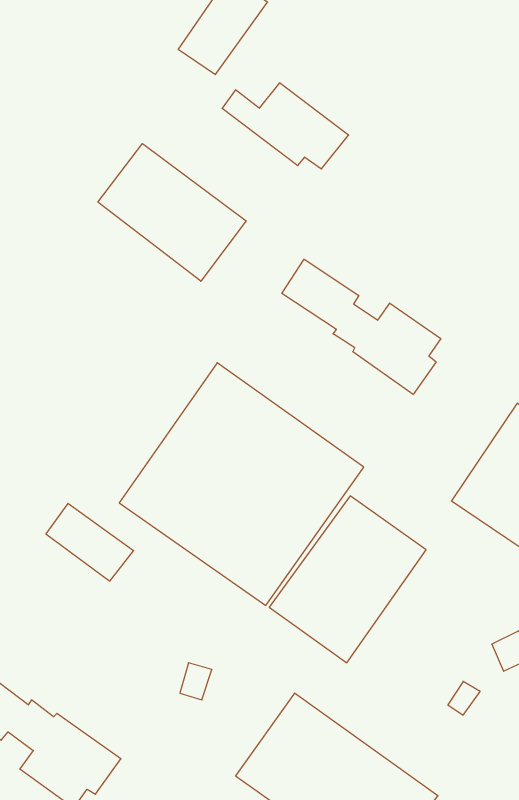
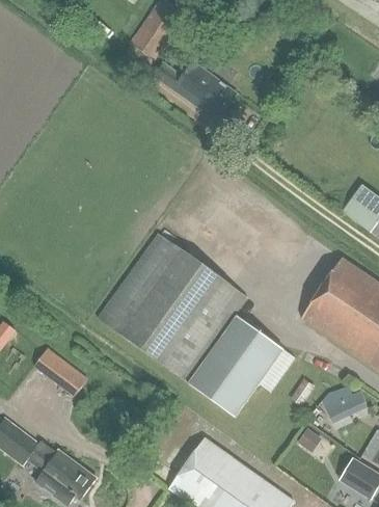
building: [98,144,246,281] -> none
building: [282,259,441,394] -> none
building: [46,503,134,581] -> [34,348,88,396]

